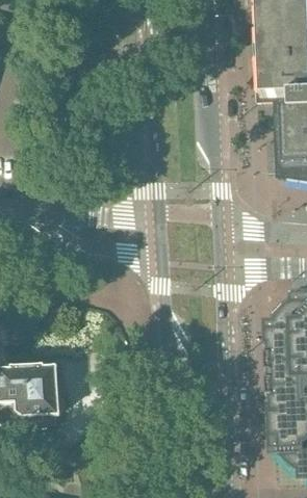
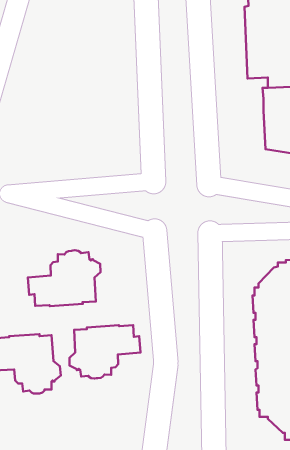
building: none -> [28,250,100,306]
building: none -> [70,325,140,379]

